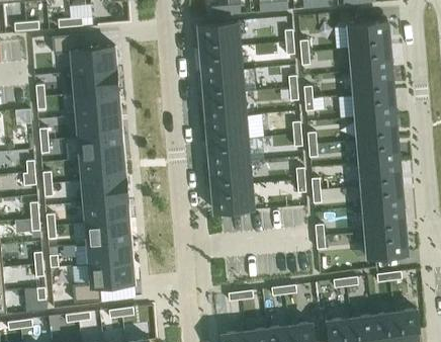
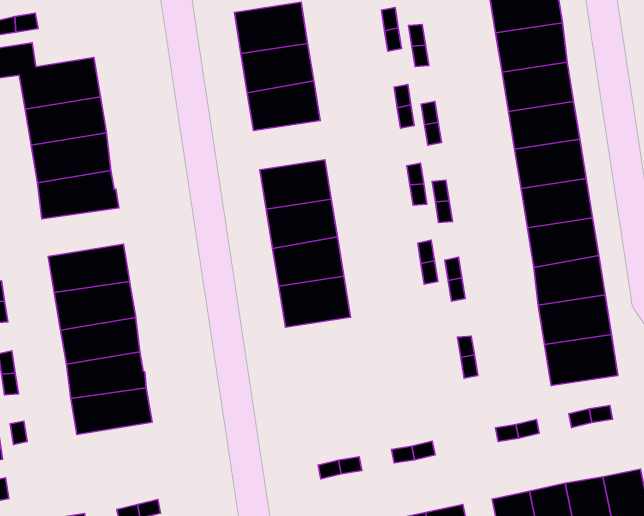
building: [204,93,245,119] -> none
building: [77,136,123,161] -> none
building: [73,262,135,304] -> none

